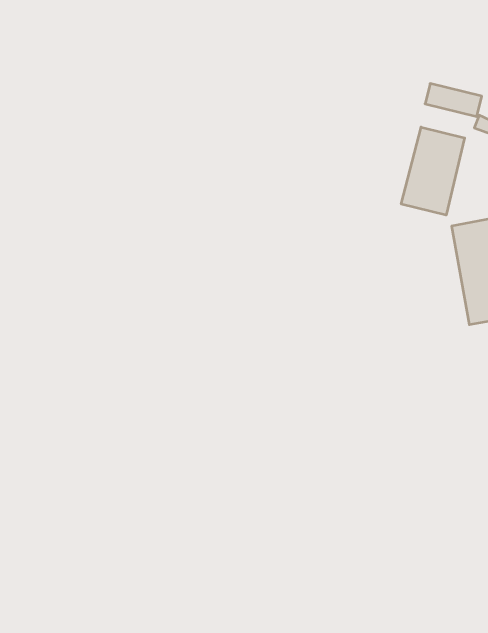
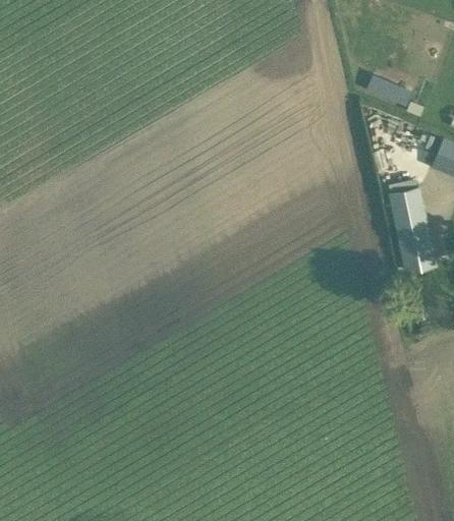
building: [401,127,465,215] -> none

